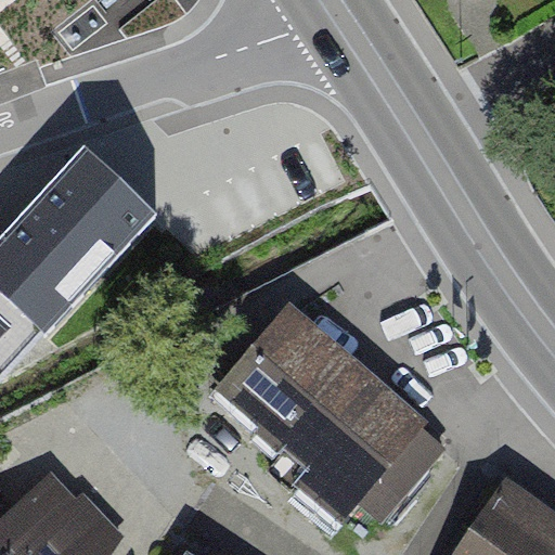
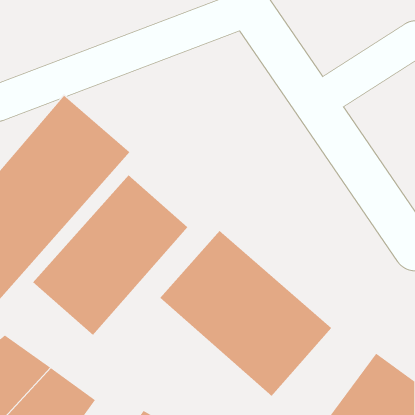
building: none -> [32,174,188,336]

